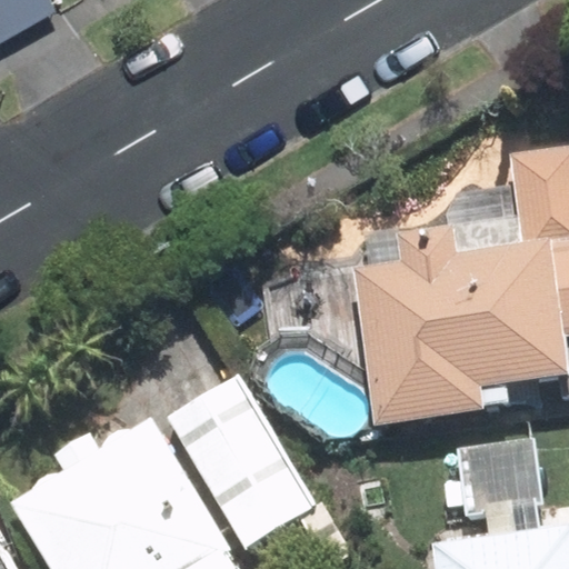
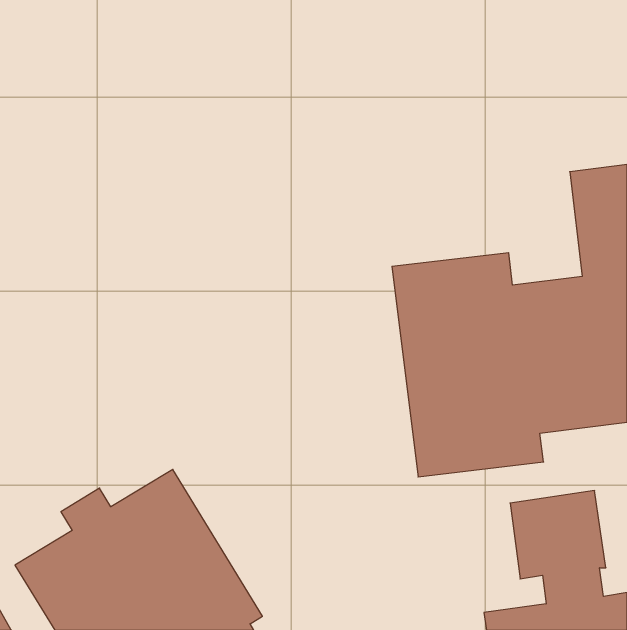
building: [168,377,317,550] -> none

